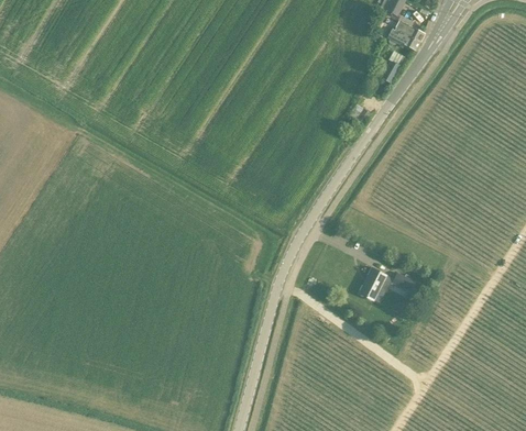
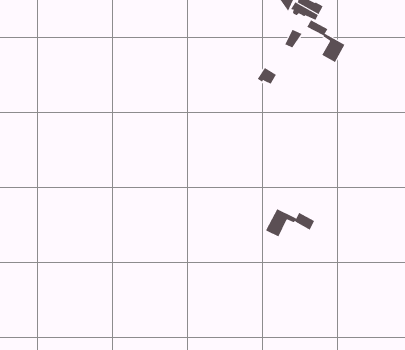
building: none -> [307,20,345,63]

